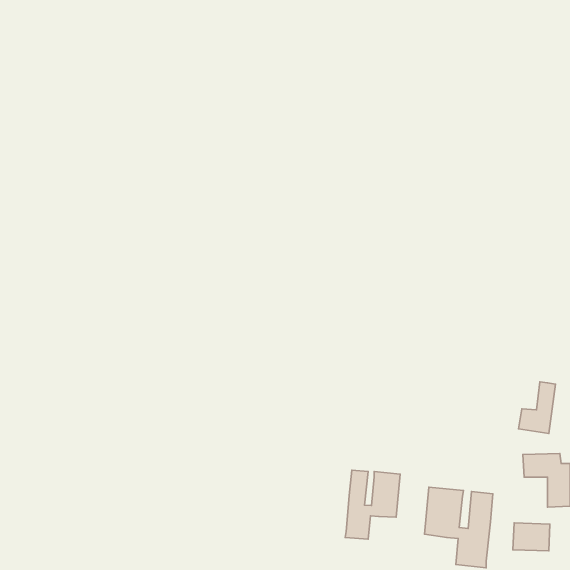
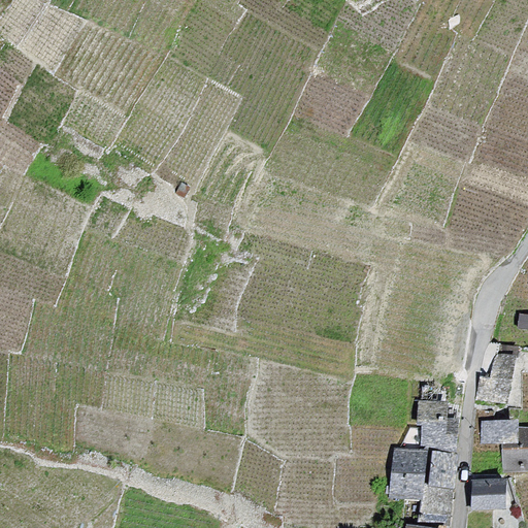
building: none -> [418,400,456,452]
building: [345,470,400,539] -> none

